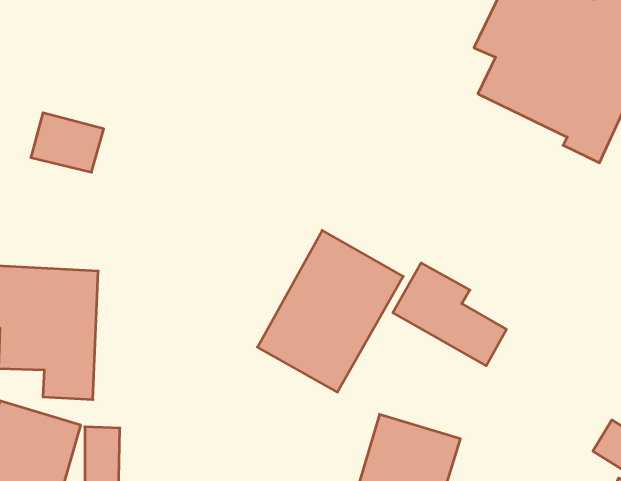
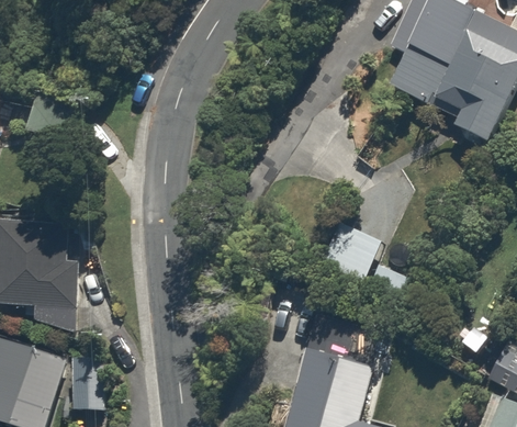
building: [257,230,403,392] -> none

